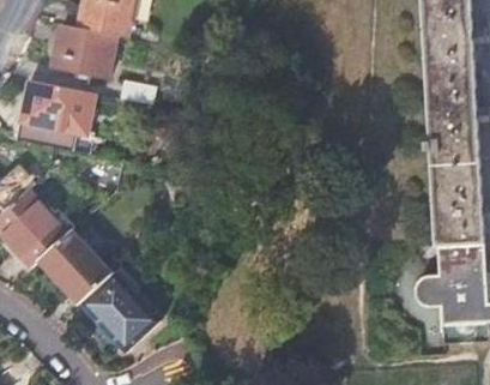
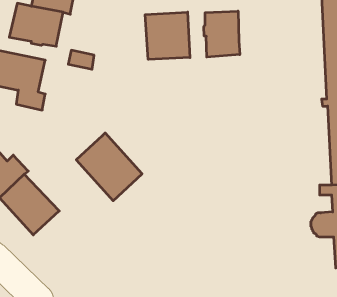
building: none -> [204,11,240,57]
building: none -> [145,12,190,59]
building: [78,272,157,354] -> [76,133,142,201]

